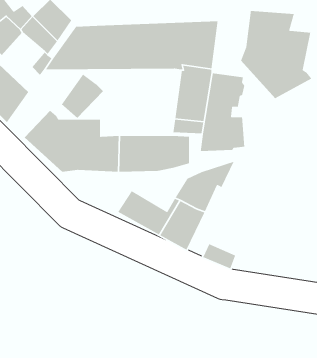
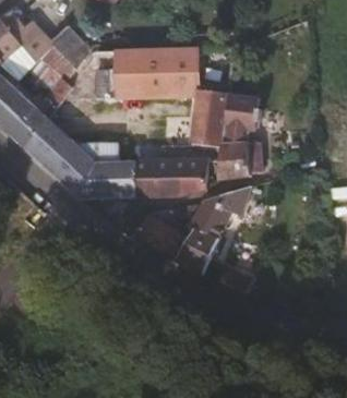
building: [240,10,312,99] -> none
building: [61,74,104,119] -> [25,118,68,162]

